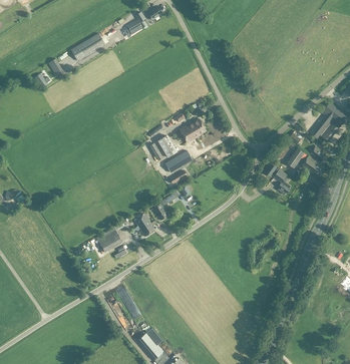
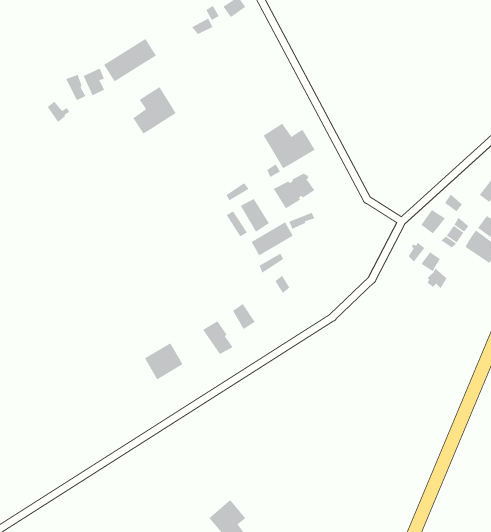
building: none -> [132,86,177,134]
building: none -> [263,123,315,169]

